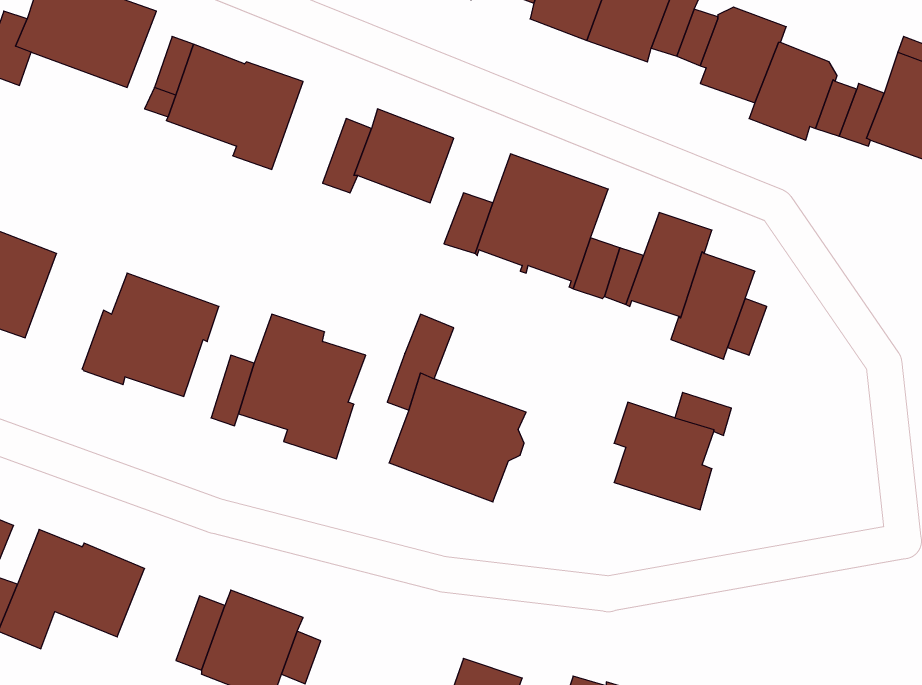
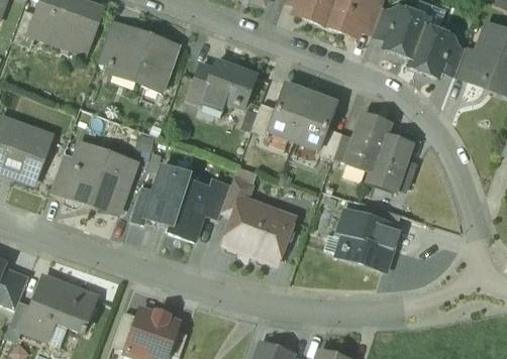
building: none -> [50,159,76,198]
building: none -> [202,181,231,219]

